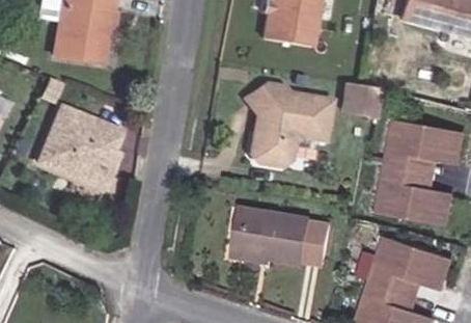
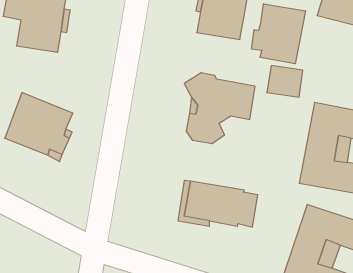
building: none -> [251,4,305,64]

